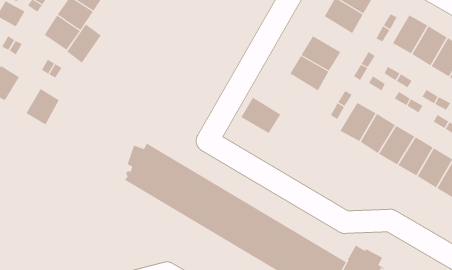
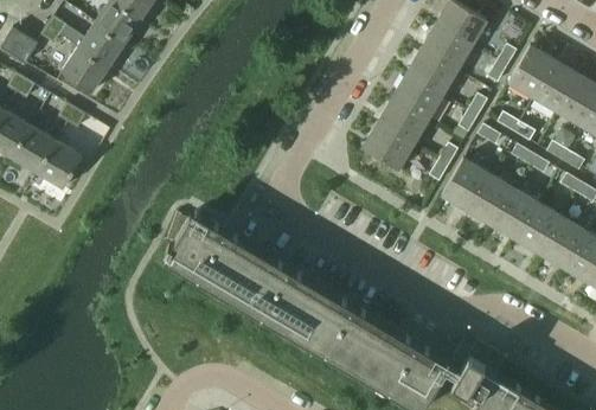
building: none -> [406,49,457,95]
building: [66,24,102,64] -> none
building: none -> [12,127,57,173]
building: [240,97,281,134] -> [361,122,414,169]

